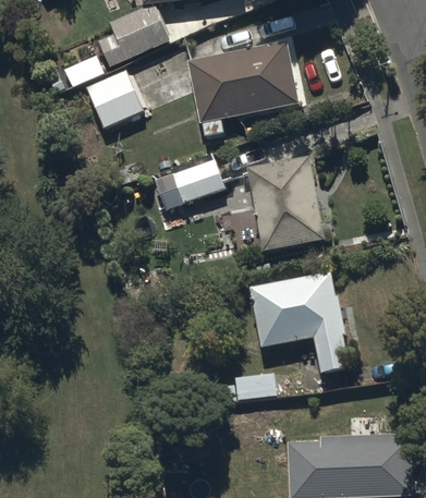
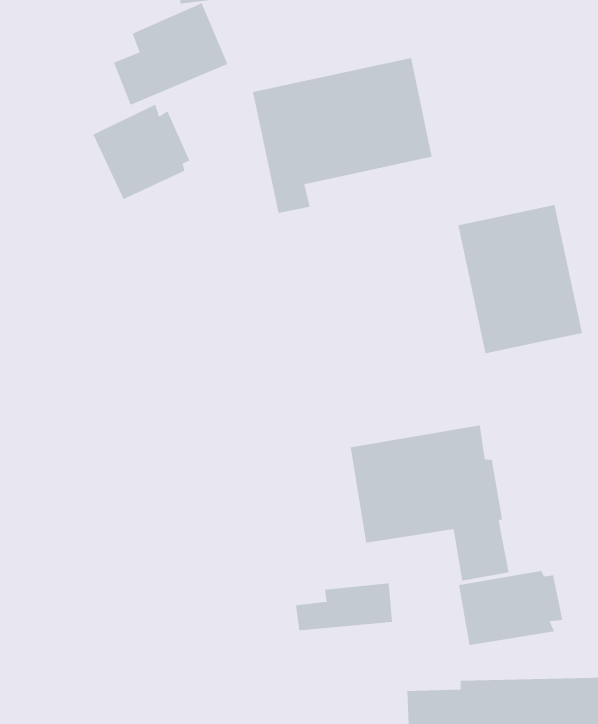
building: [245,155,325,250] -> [457,204,583,354]
building: [169,158,226,207] -> none
building: none -> [459,570,563,646]

